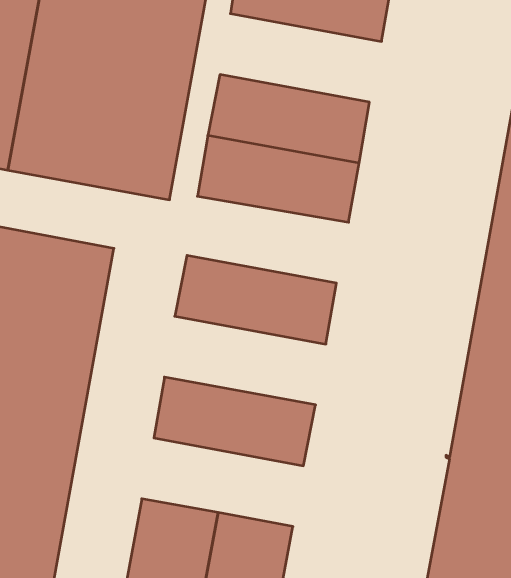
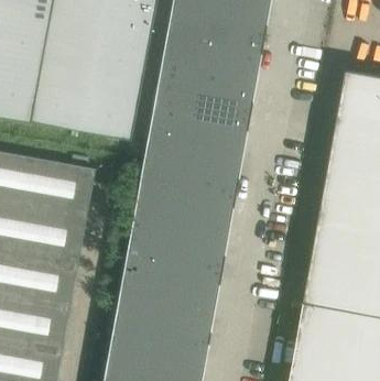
building: none -> [160,22,262,78]
building: none -> [139,138,241,193]
building: none -> [124,214,227,270]
building: none -> [110,291,213,347]

